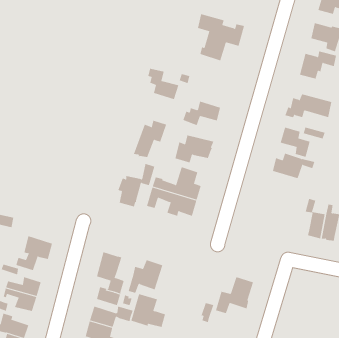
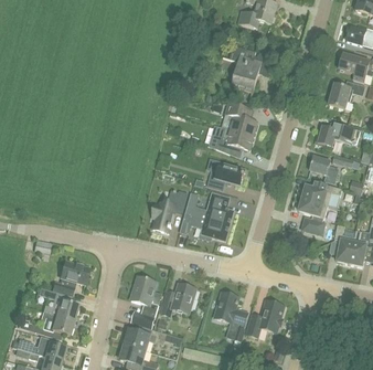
building: [147,68,179,100] -> [225,104,256,135]
building: [133,120,167,158] -> none
building: none -> [297,197,327,235]
building: [130,294,166,328] -> [213,290,247,324]

